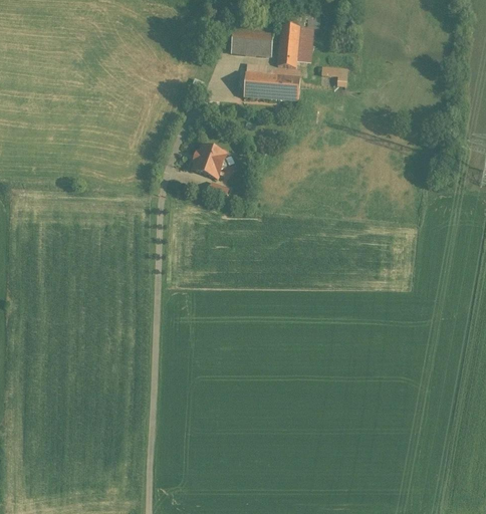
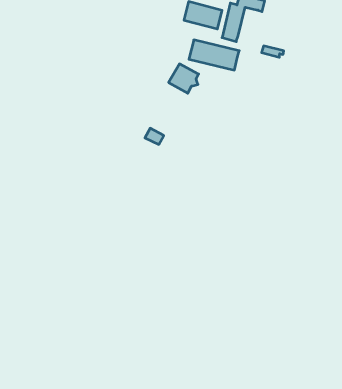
building: [295,26,313,61] -> none
building: [192,146,226,178] -> [169,64,199,93]

